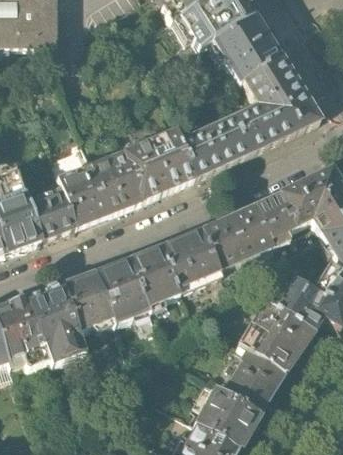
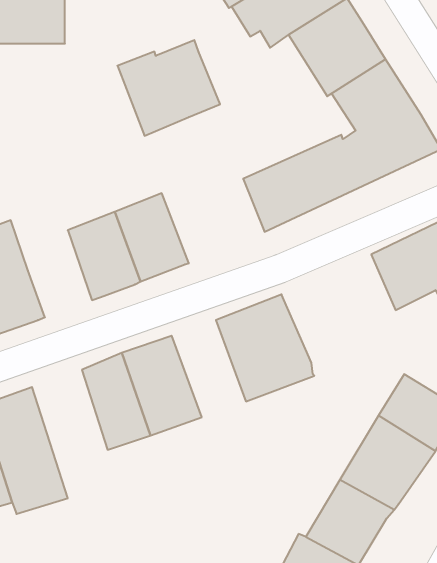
building: [125,132,197,199] -> [117,40,220,136]
building: [31,176,76,237] -> none
building: [209,193,294,269] -> none
building: [132,239,184,307] -> none
building: [34,274,94,364] -> none

